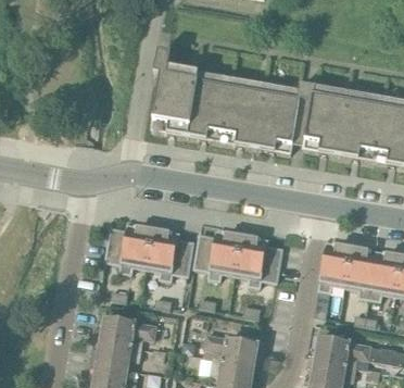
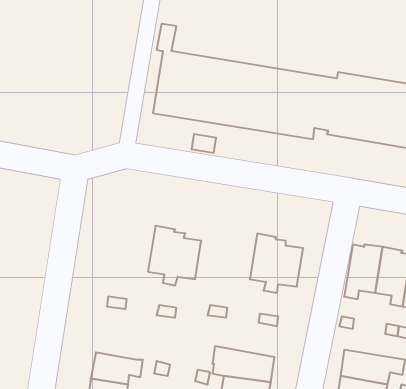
building: [105,223,153,271] -> none
building: [194,229,242,278] -> none
building: [101,314,155,343] -> none

